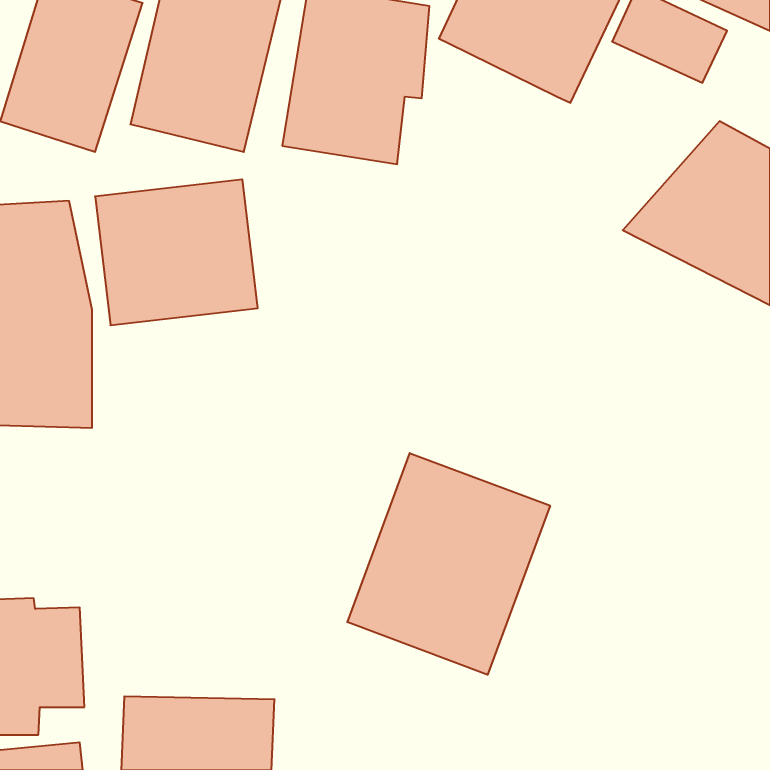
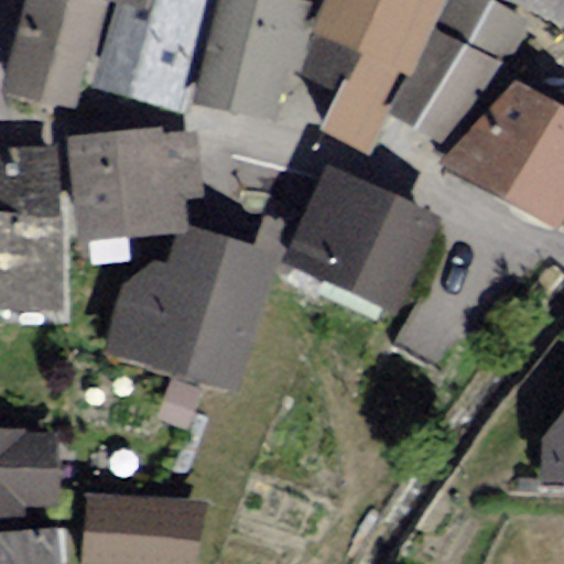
building: none -> [302,31,400,143]
building: none -> [395,36,496,145]
building: none -> [291,171,440,305]
building: none -> [107,226,280,386]
building: [347,453,550,675] -> none

